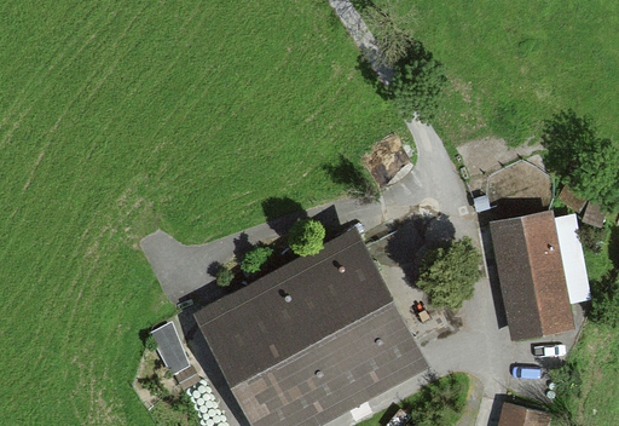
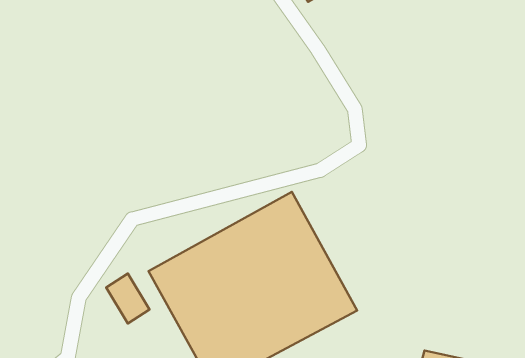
building: [488,213,586,344] -> none

